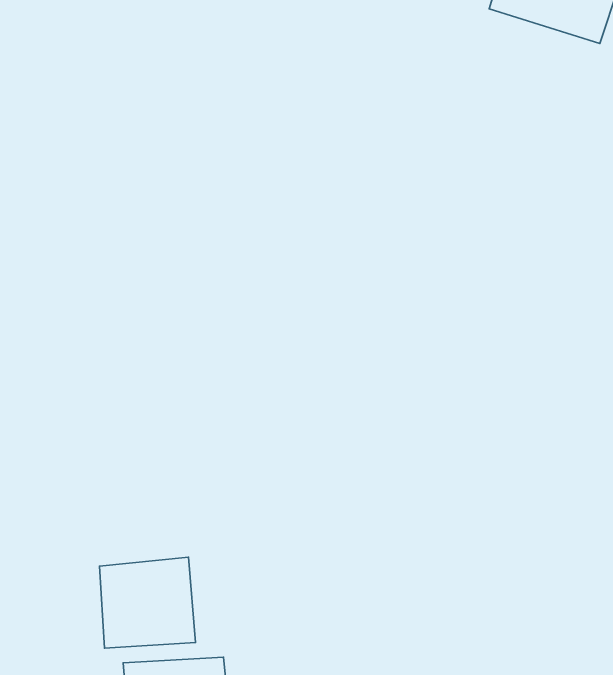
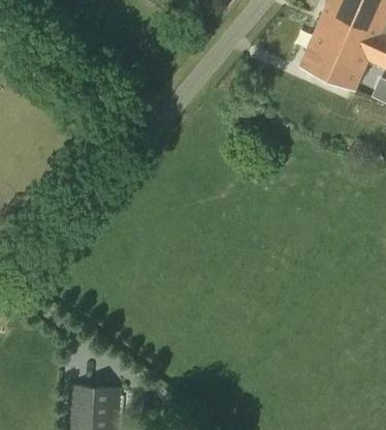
building: [99,557,195,648] -> none

